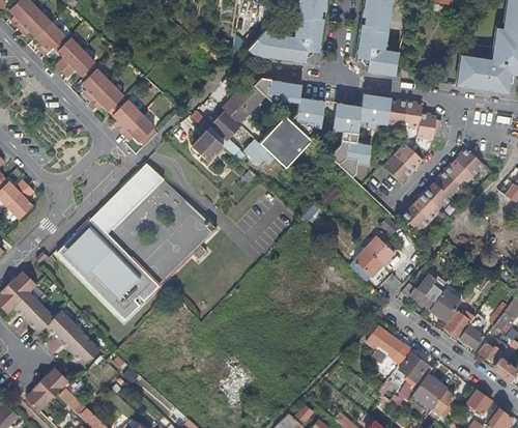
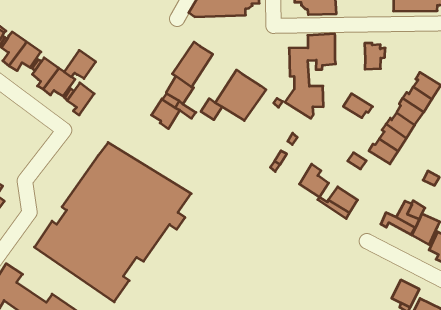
building: [254,78,317,135] -> none
building: [385,98,419,126] -> none
building: [122,114,155,143] -> [64,50,96,79]
building: [396,146,424,175] -> none
building: [366,231,395,265] -> [299,164,329,197]
building: [367,325,410,363] -> none

